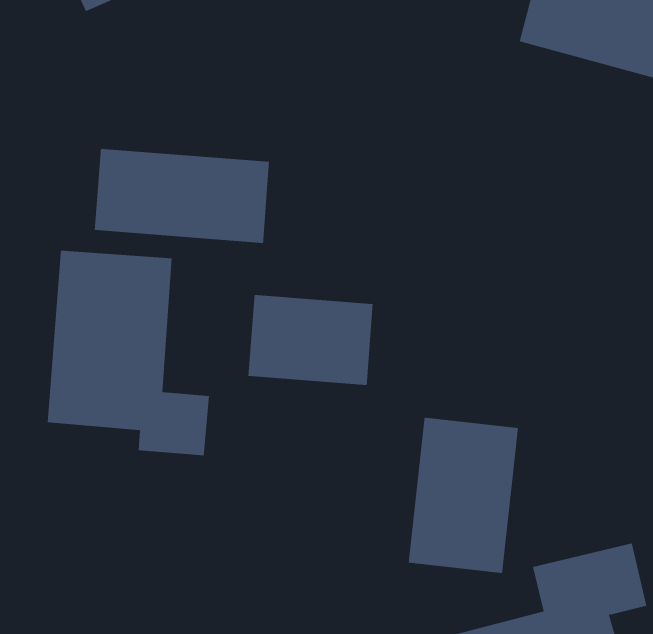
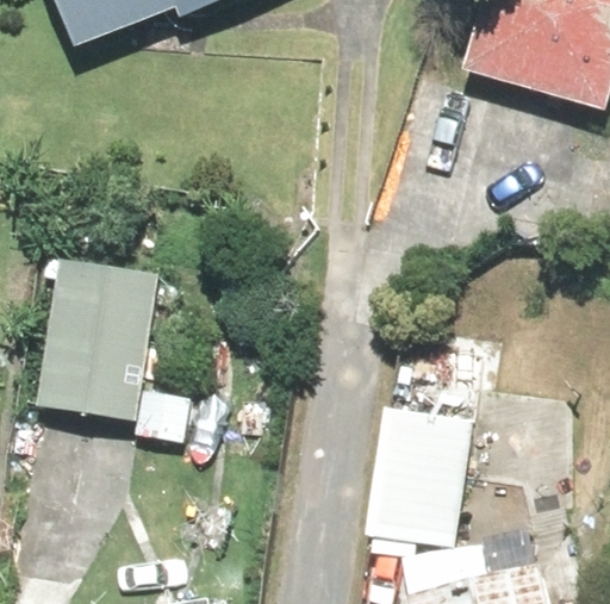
building: [94,148,270,244] -> none
building: [248,294,373,386] -> none

